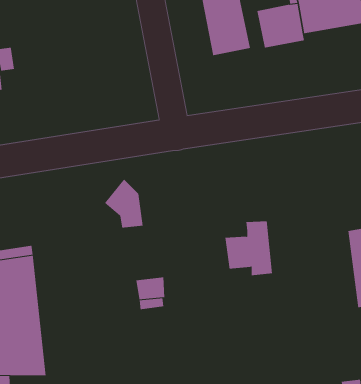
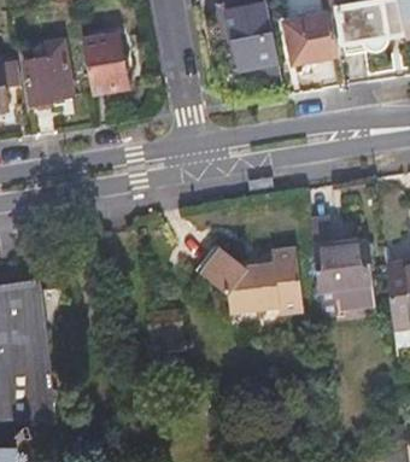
building: none -> [83,34,127,93]
building: none -> [22,40,75,104]
building: [104,179,144,228] -> [211,253,254,308]
building: none -> [310,215,370,320]

